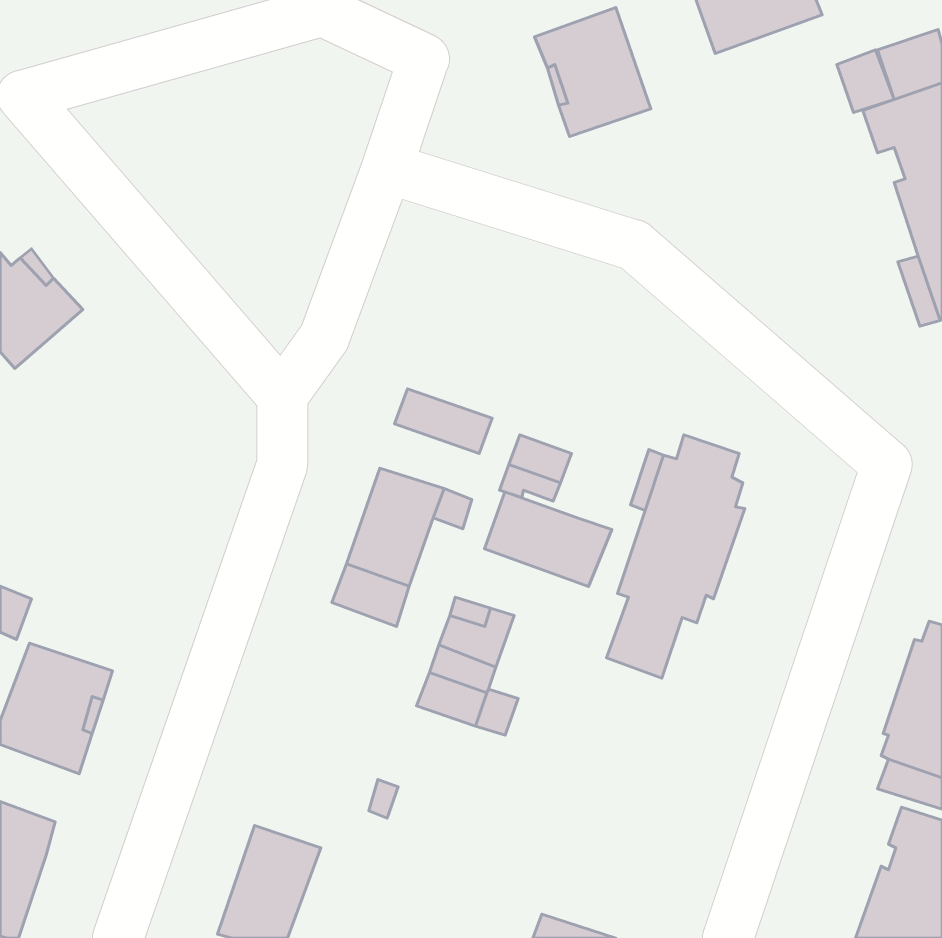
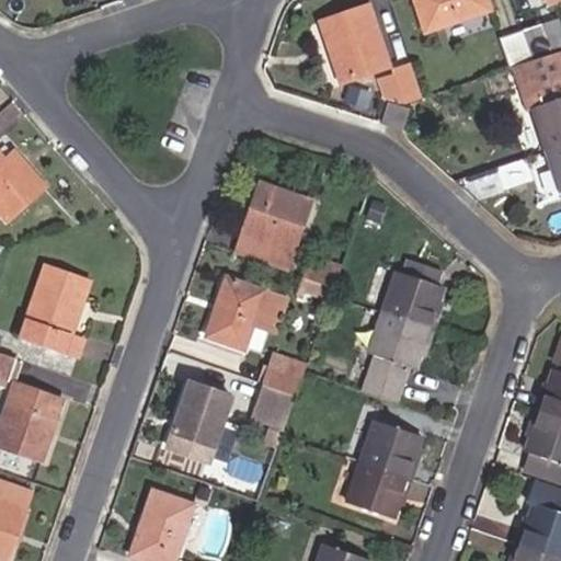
building: none -> [377,62,420,127]
building: none -> [242,182,308,249]
building: none -> [23,264,93,355]
building: [485,492,612,586] -> none
building: none -> [167,382,229,460]
building: none -> [345,421,421,518]

